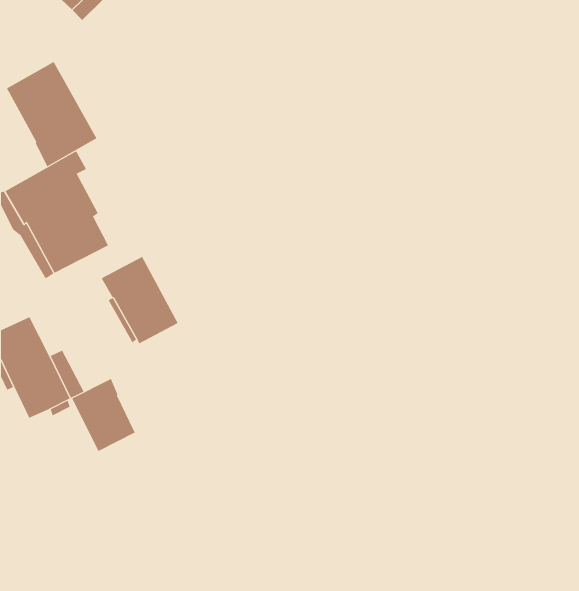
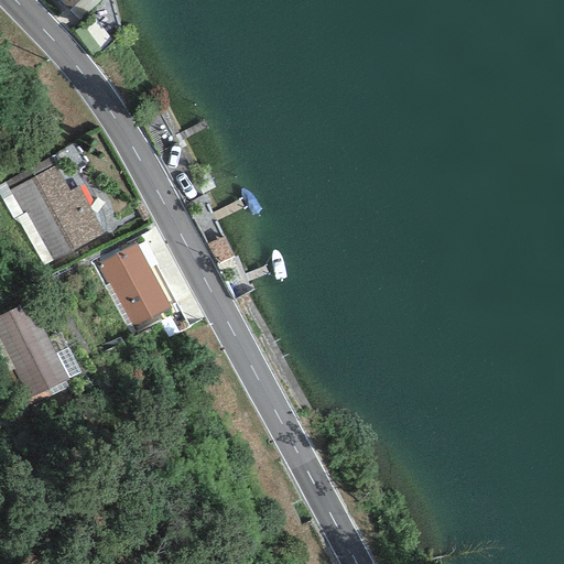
building: [6,61,97,167] -> none
building: [71,378,136,452] -> none

